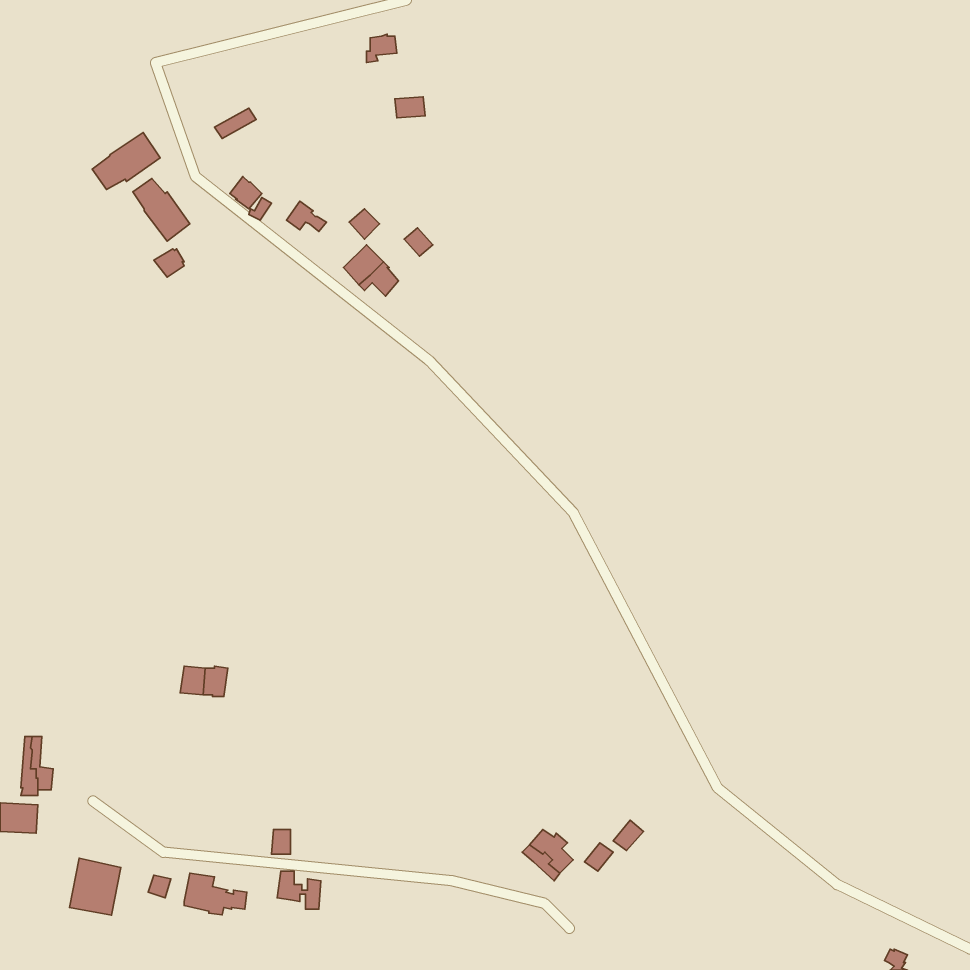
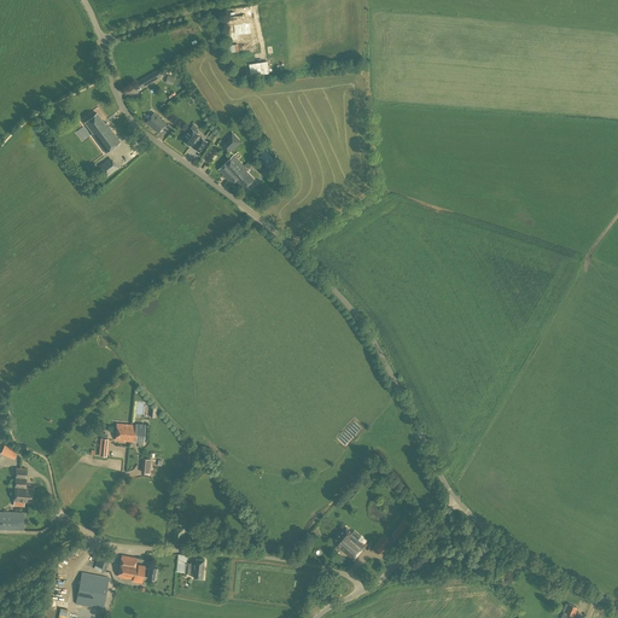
building: [92,132,160,189] -> none
building: [70,858,121,915] -> [76,572,109,608]

